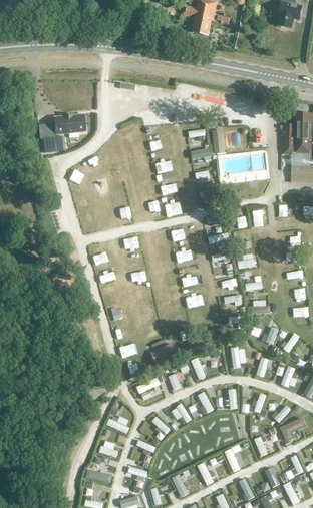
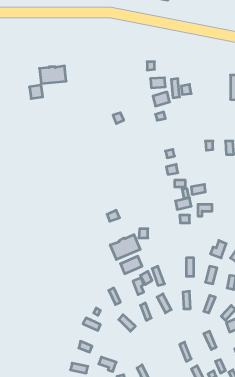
building: none -> [110,235,140,260]

